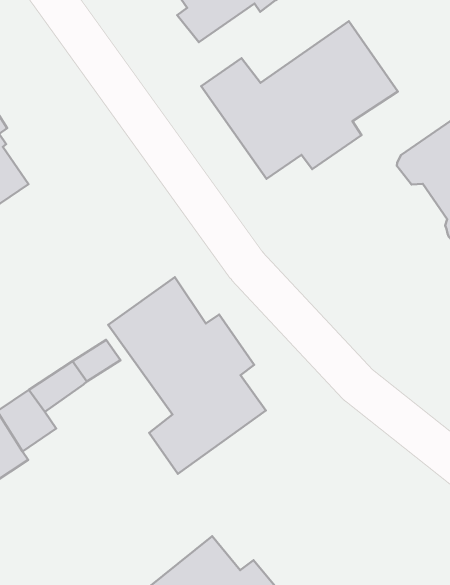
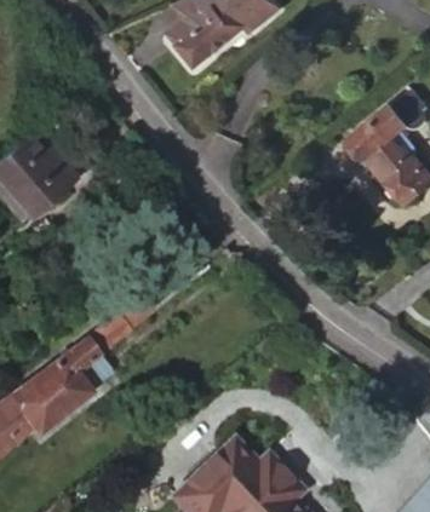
building: [201,21,398,179] -> none
building: [108,277,266,474] -> none

